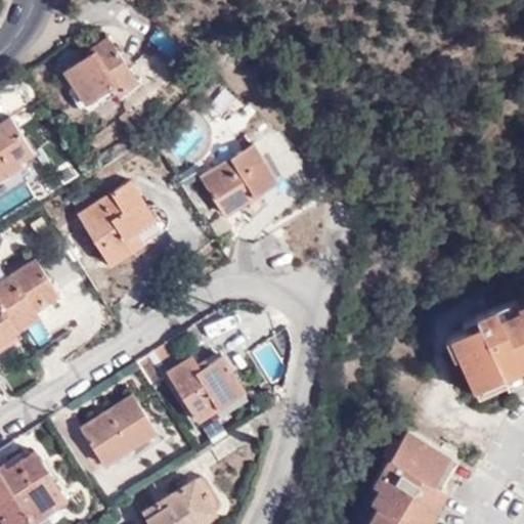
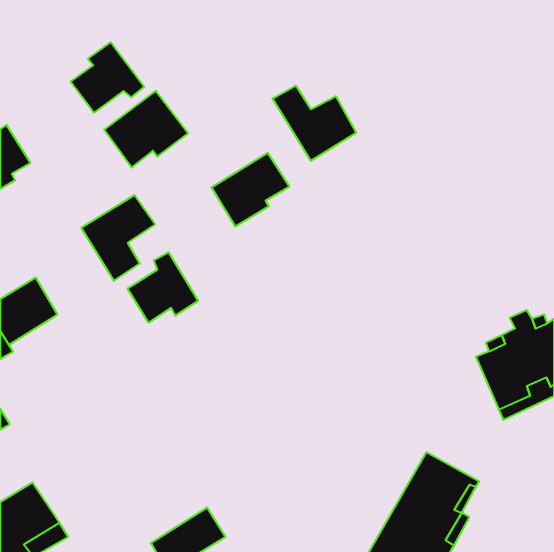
building: none -> [272,86,356,161]
building: none -> [104,91,188,168]
building: none -> [128,252,198,323]
building: [168,356,247,422] -> none
building: [81,394,160,467] -> none

